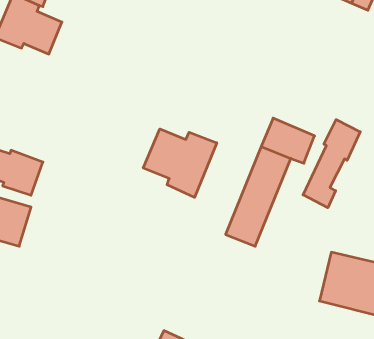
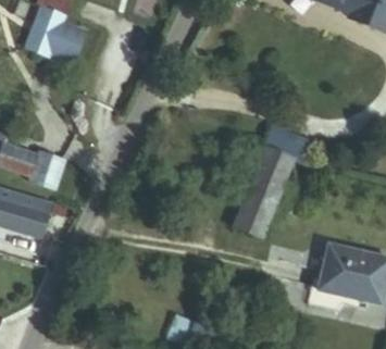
building: [303,120,360,208] -> none
building: [143,129,217,197] -> none

